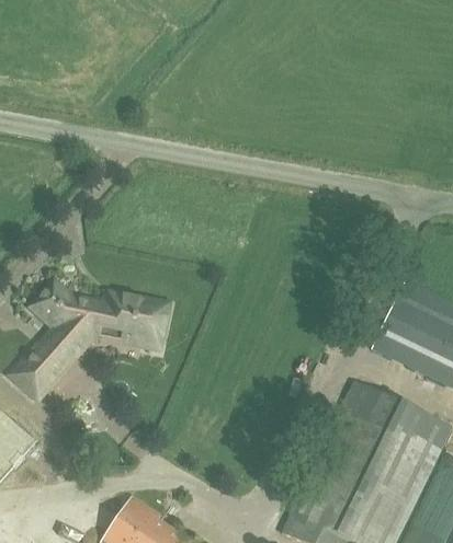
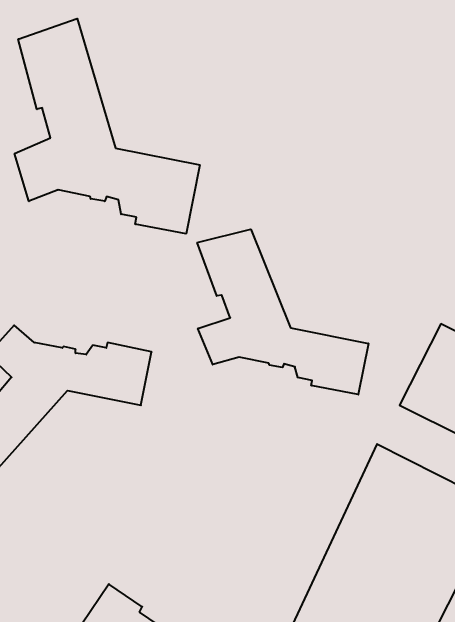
building: none -> [15,19,200,234]
building: none -> [197,229,368,395]

